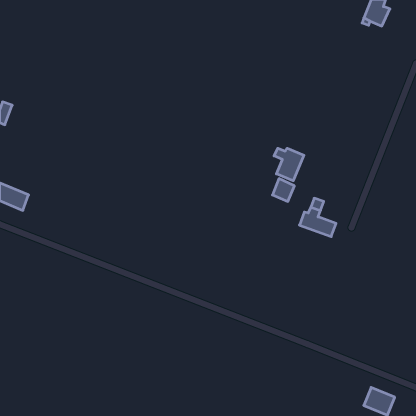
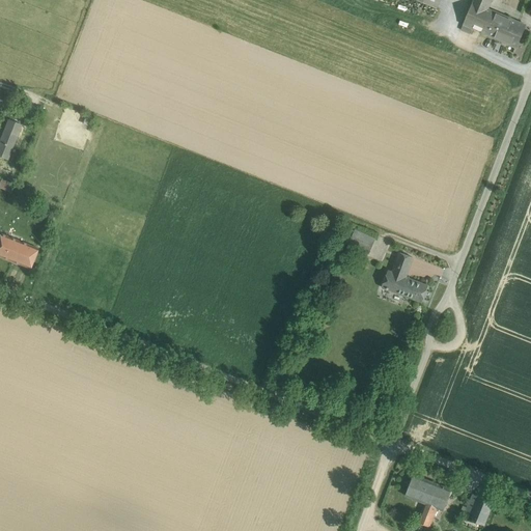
building: none -> [485,11,525,47]
building: [274,148,304,181] -> none
building: none -> [404,473,451,525]

